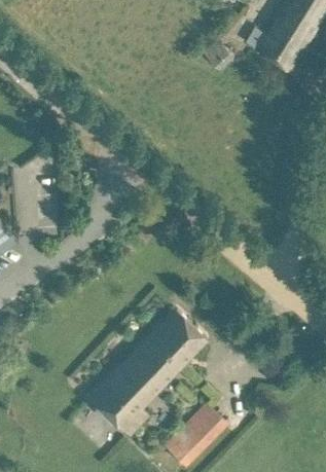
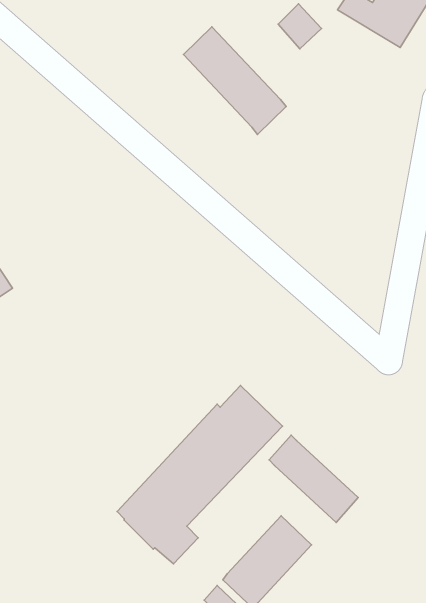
building: none -> [183,27,286,134]
building: none -> [269,435,358,522]

